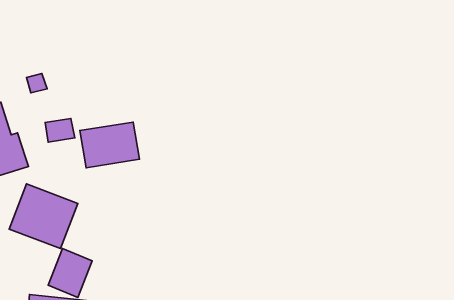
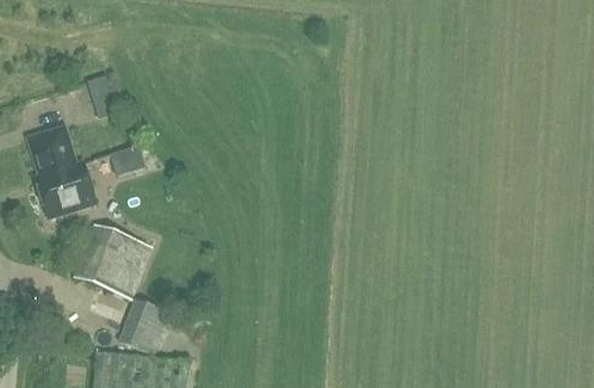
building: [80,122,139,168] -> none

